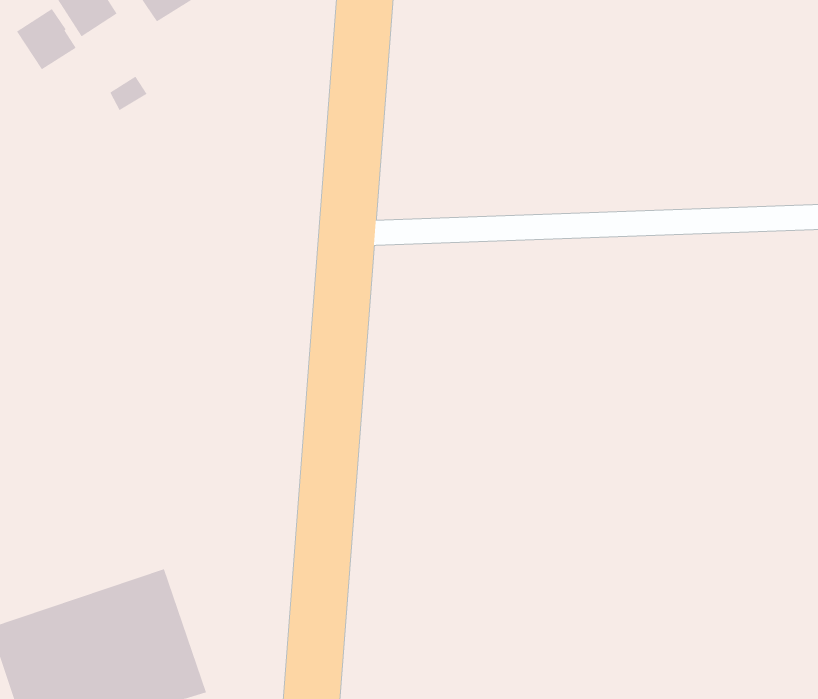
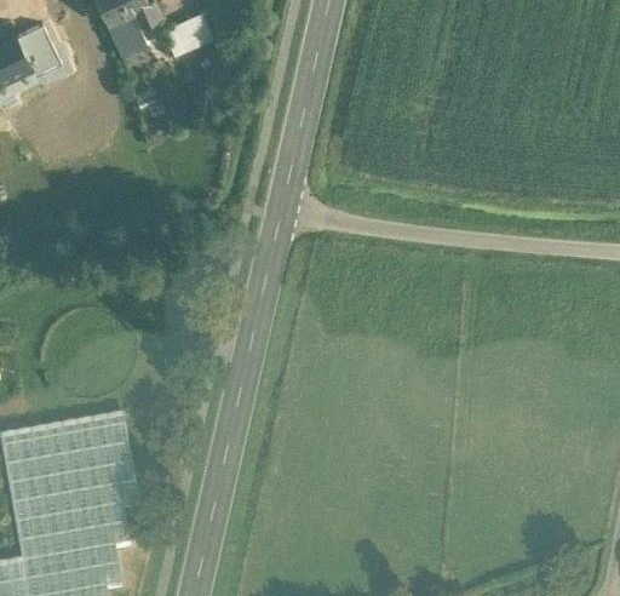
building: [16,8,76,70] -> none

